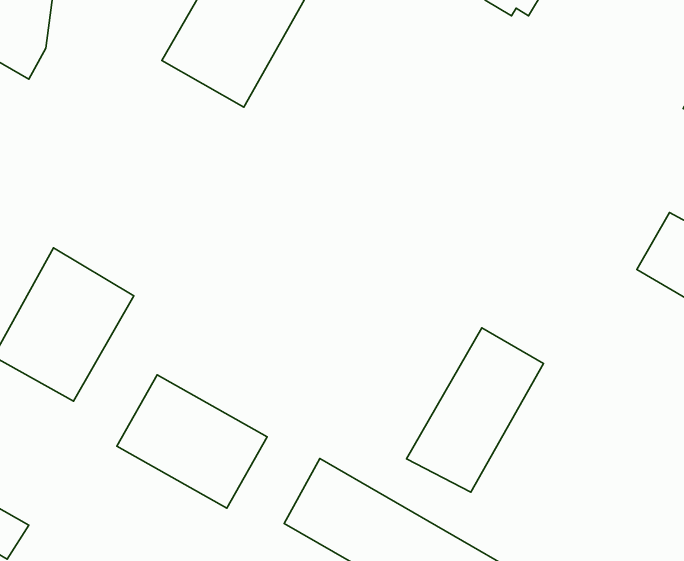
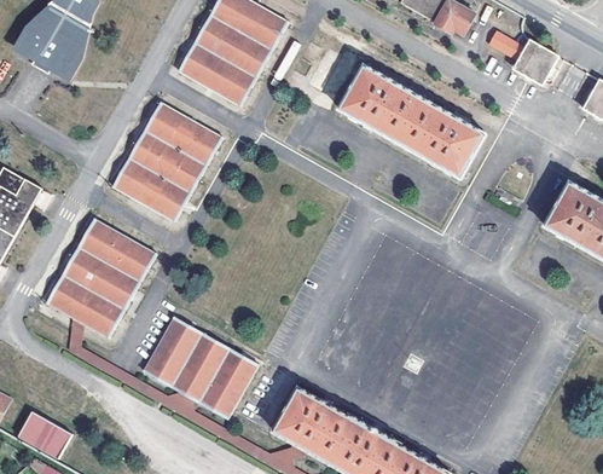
building: none -> [483,29,558,85]
building: none -> [338,63,483,174]
building: none -> [114,108,220,220]
building: [406,328,544,492] -> none

